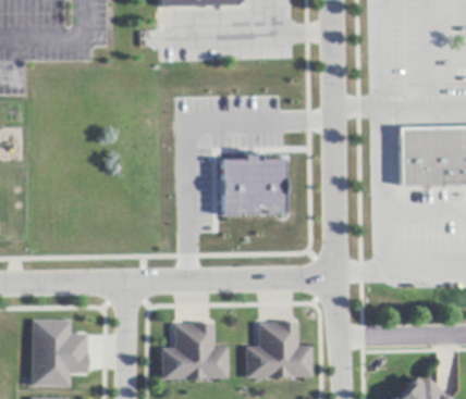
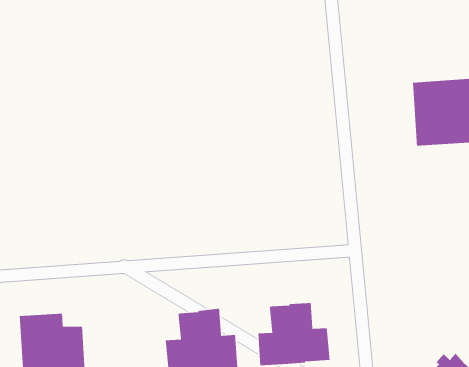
building: [214,152,282,214] -> none

